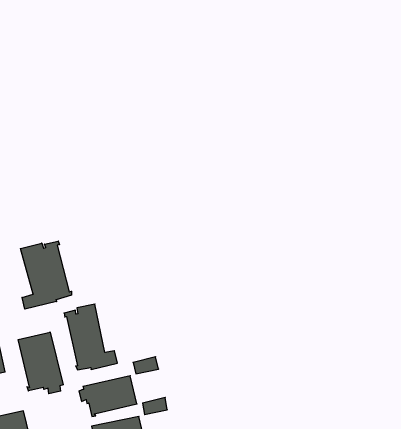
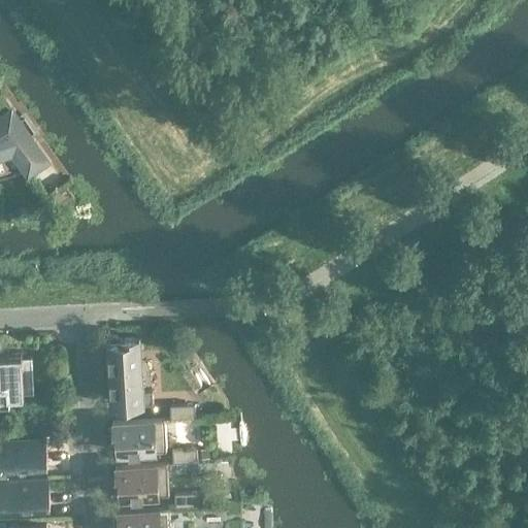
building: [20,241,72,309] -> none
building: [18,332,63,394] -> none

